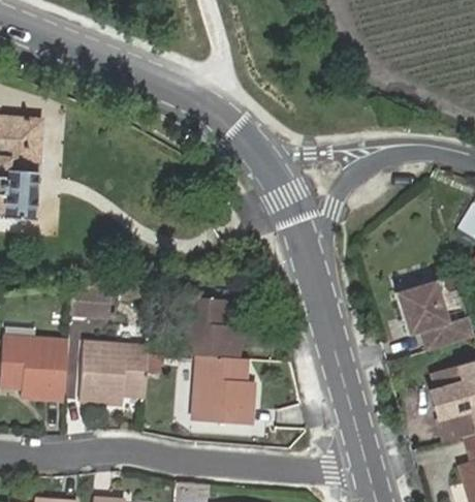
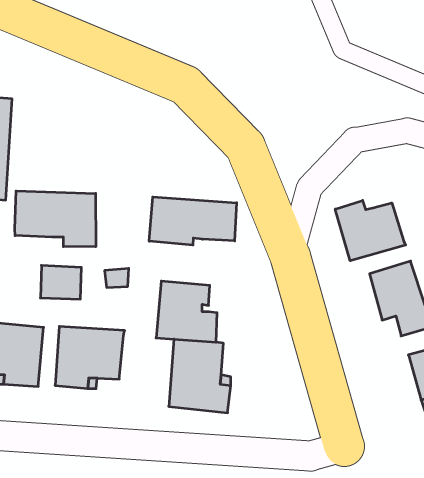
building: none -> [15,191,96,247]
building: none -> [149,197,237,245]
building: none -> [335,200,406,261]

